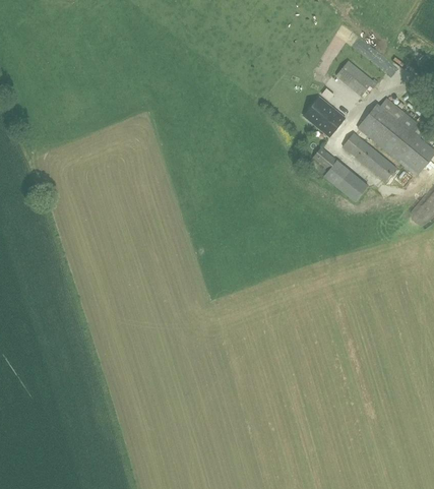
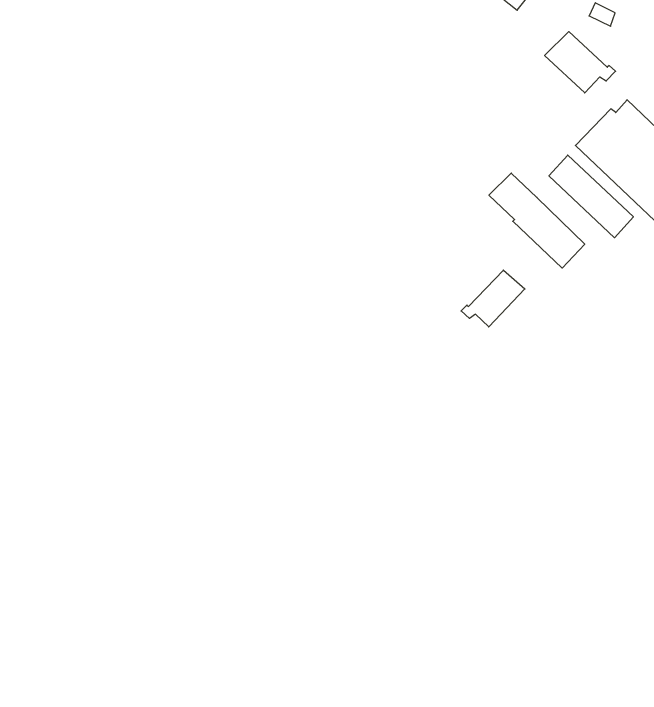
building: [303,97,344,136] -> none
building: none -> [461,270,525,327]

